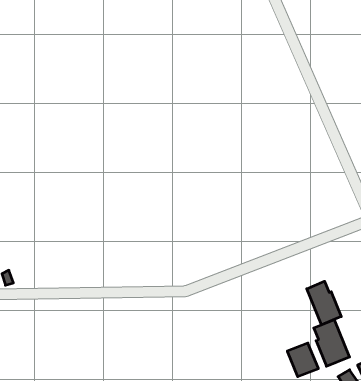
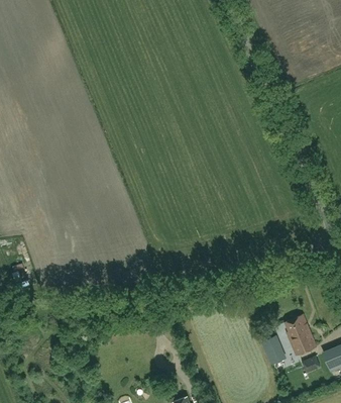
building: [307,281,341,325] -> none

